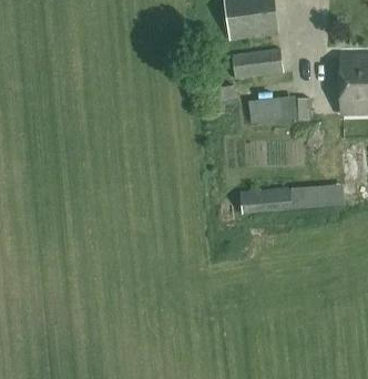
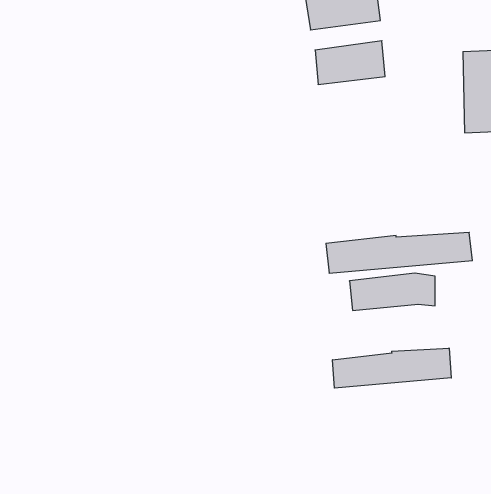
building: [248,96,309,123] -> [349,273,435,310]
building: none -> [333,348,451,388]

